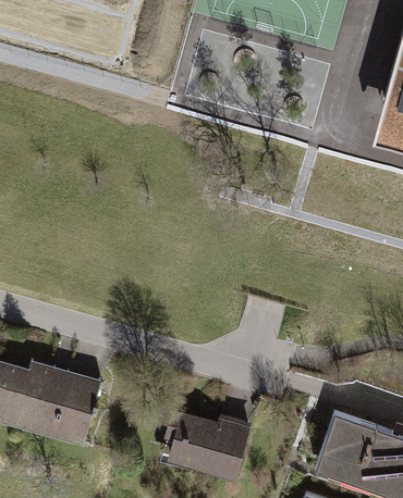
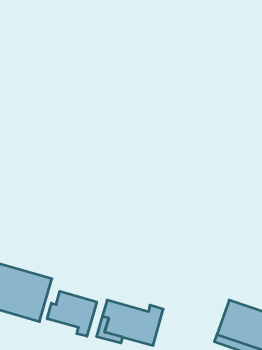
building: none -> [47,291,97,336]

